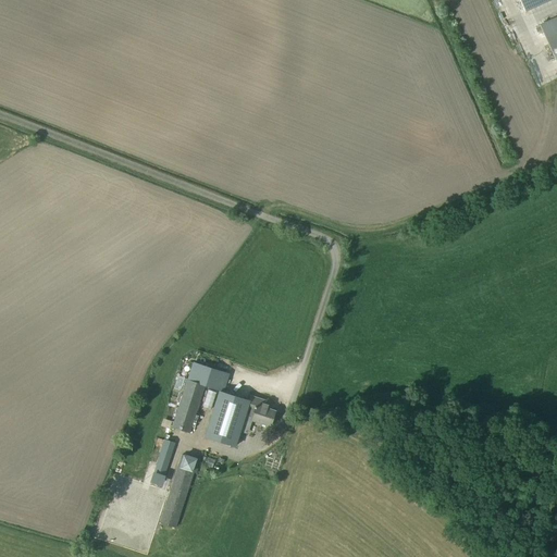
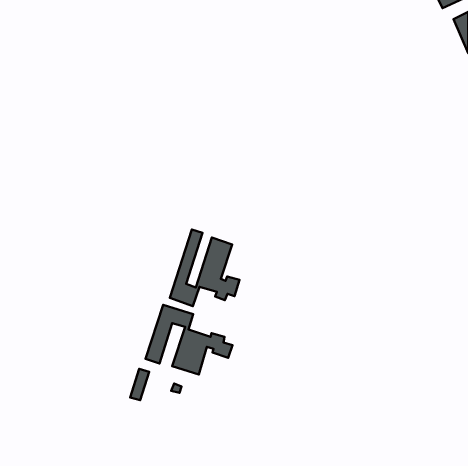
building: none -> [170,230,240,306]
building: [161,453,198,521] -> none

